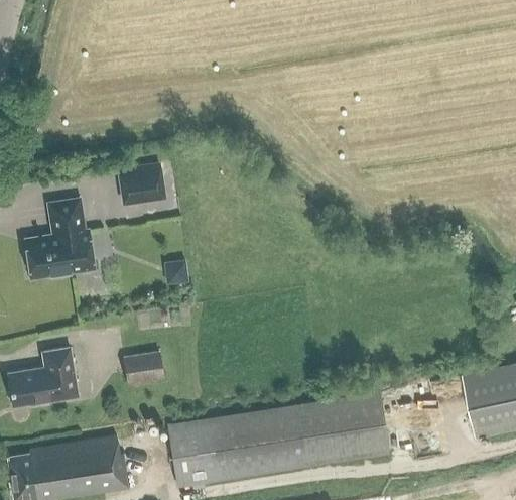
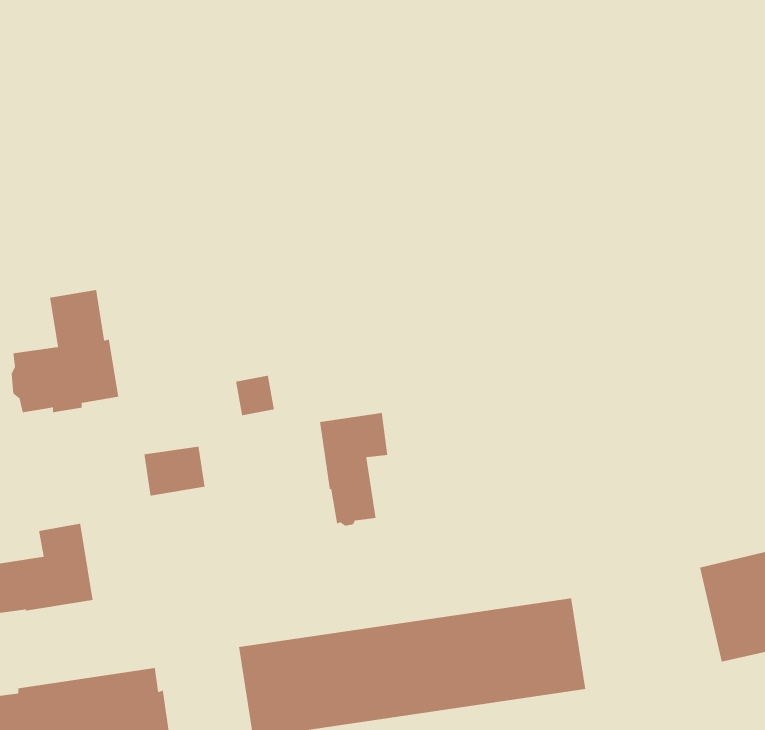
building: [119,165,164,203] -> none
building: none -> [319,412,388,527]
building: [123,353,162,385] -> [144,446,206,497]

